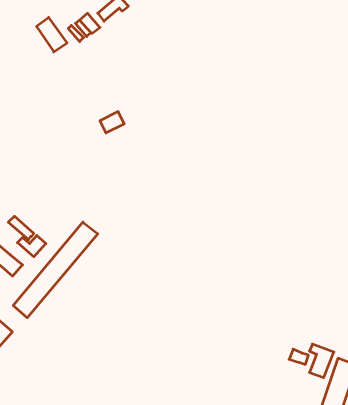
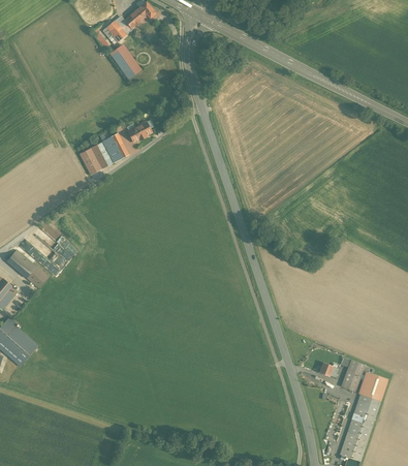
building: [37,17,67,52] -> [111,44,142,80]
building: none -> [82,131,130,172]
building: [13,222,98,318] -> none

